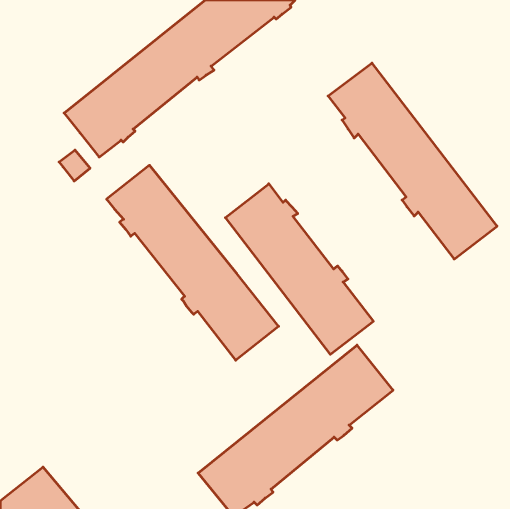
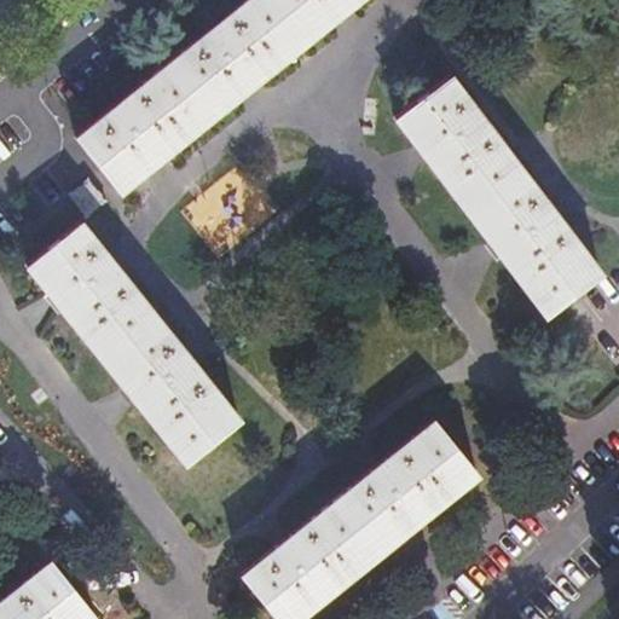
building: [107,165,279,360] -> [35,230,243,465]
building: [225,184,373,354] -> none

